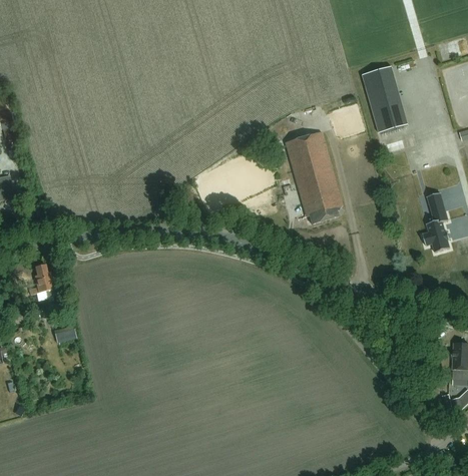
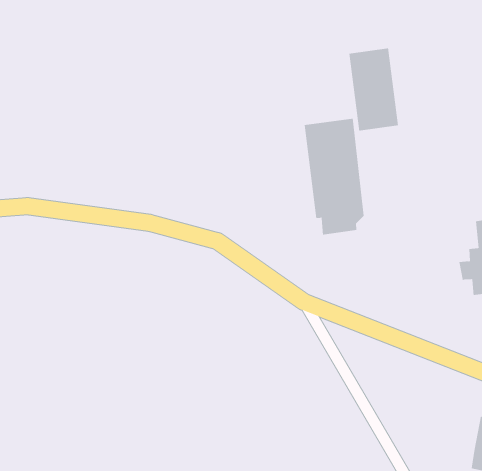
building: [362,65,409,132] -> [348,48,399,131]

